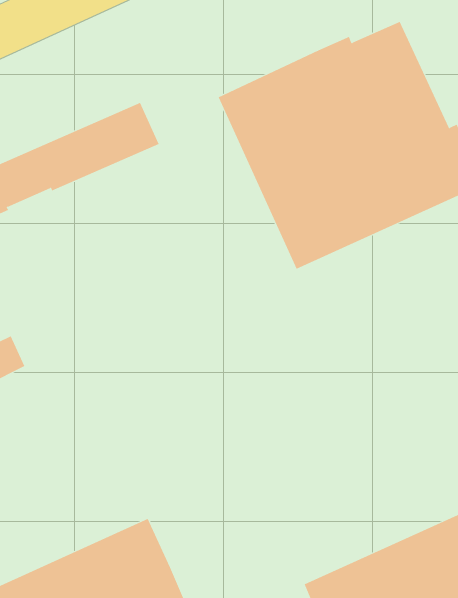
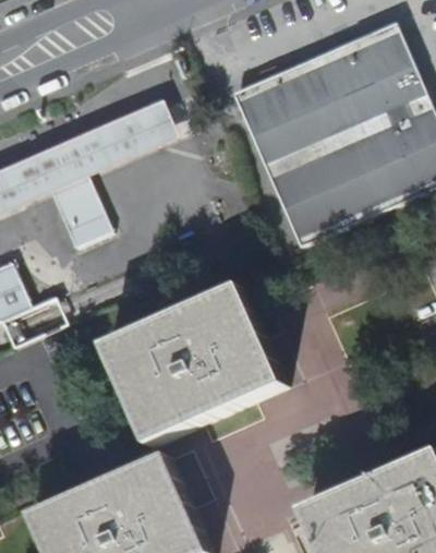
building: none -> [46,173,110,253]
building: none -> [102,288,281,447]

